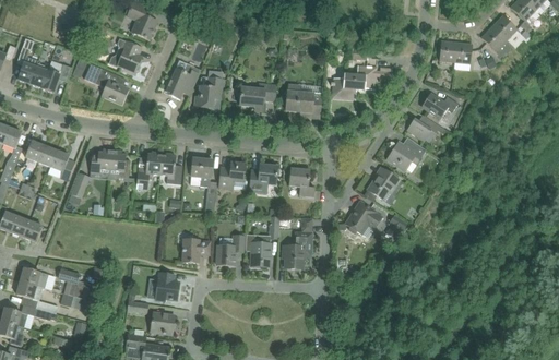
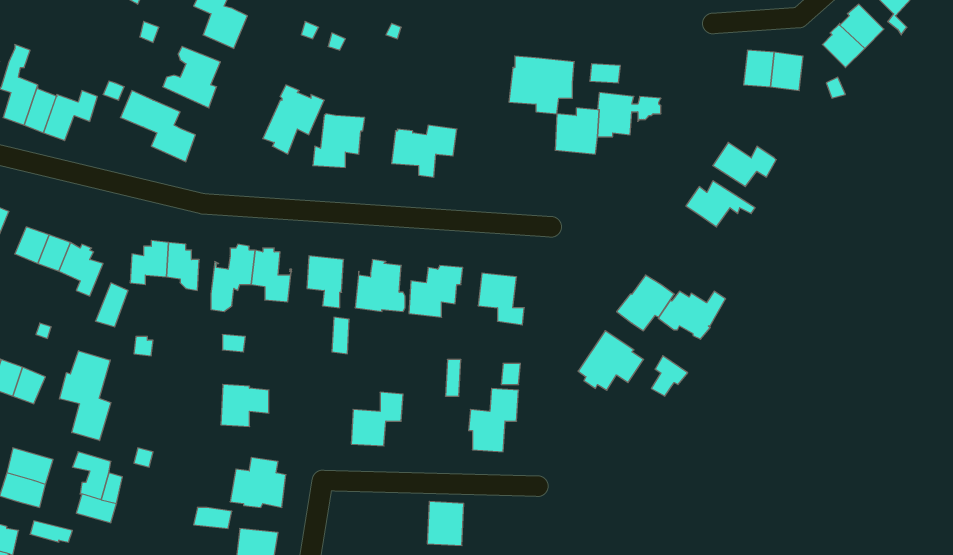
building: [285,84,322,117] -> [509,56,574,114]
building: [386,144,425,171] -> [658,291,726,339]
building: none -> [59,351,111,441]
building: [182,238,210,262] -> [221,384,269,427]
building: [250,241,271,266] -> [427,501,464,546]

